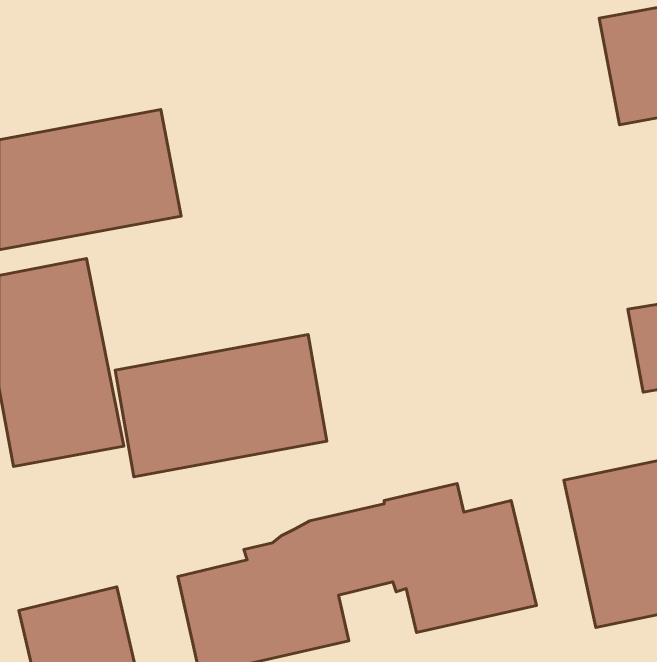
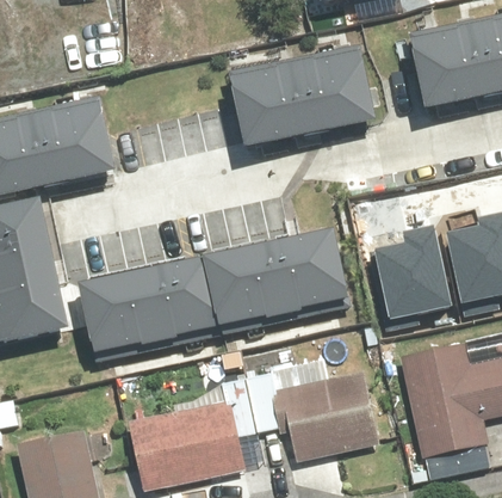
building: none -> [248,43,398,145]
building: none -> [218,227,365,327]
building: none -> [373,235,444,313]

